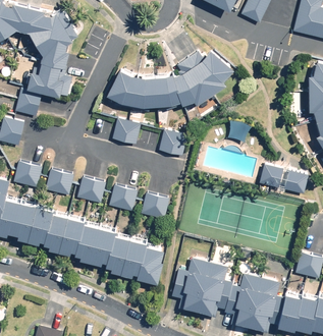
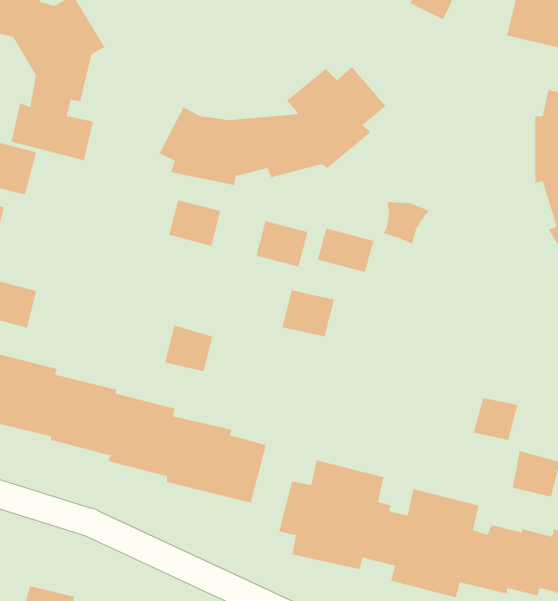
building: none -> [317,228,374,273]
building: [260,164,283,188] -> none
building: [46,170,73,197] -> none
building: [284,171,309,194] -> [473,397,518,441]
building: [78,178,105,204] -> none
building: [141,194,169,220] -> [282,290,335,337]

